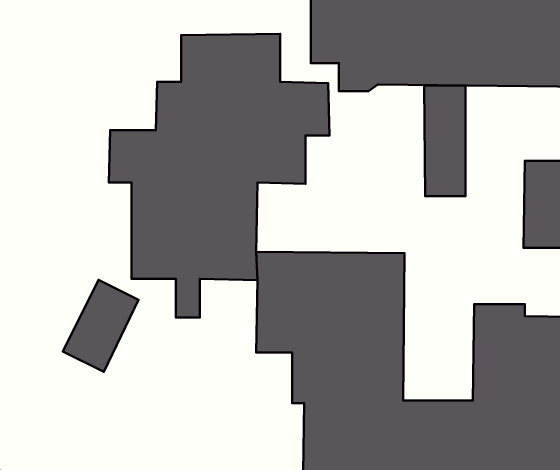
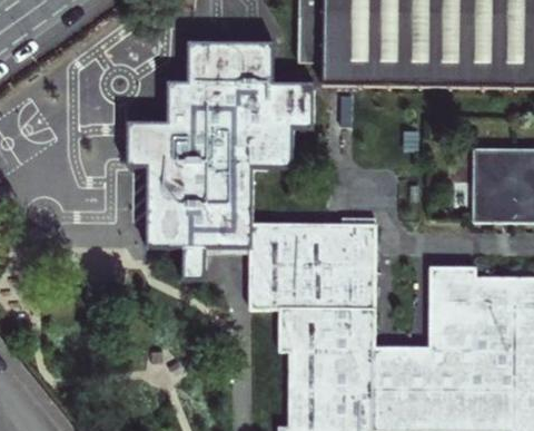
building: [424,86,466,196] -> none
building: [63,280,139,372] -> none

